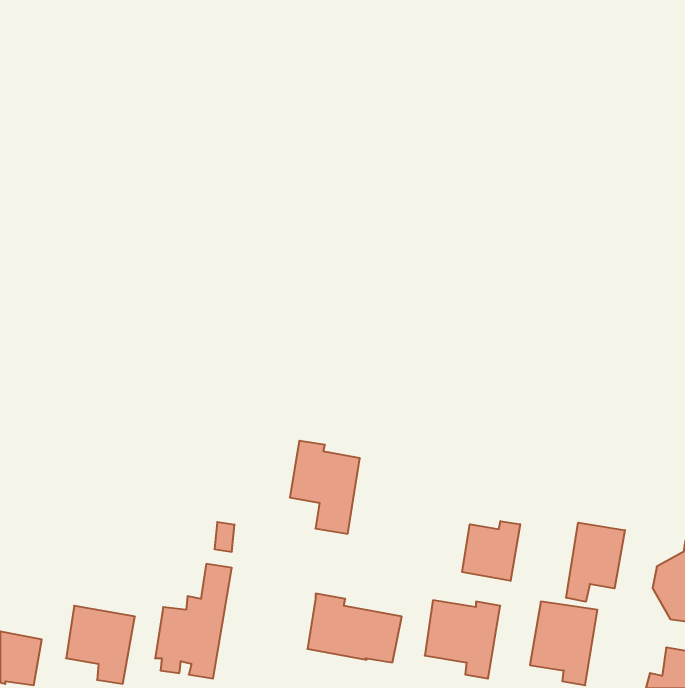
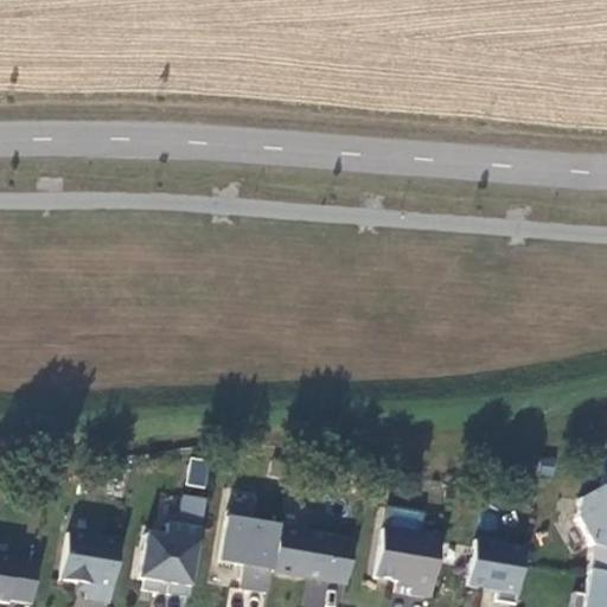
building: [290,441,360,534] -> [219,511,281,593]
building: [462,521,520,581] -> none
building: [566,523,625,602] -> none

